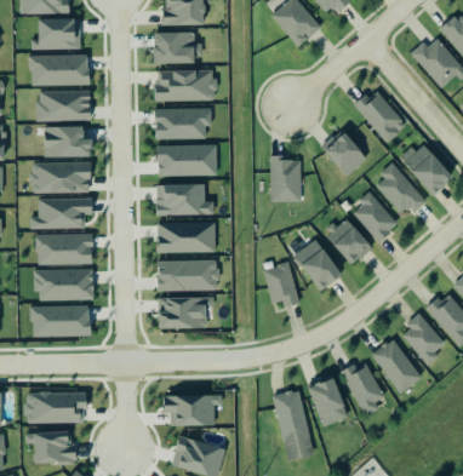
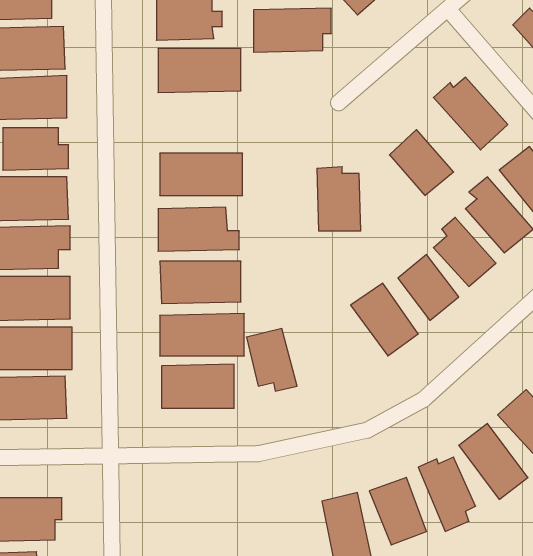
building: [155,108,211,139] -> [254,8,331,52]
building: [263,263,299,308] -> [246,329,297,391]
building: [162,395,222,426] -> none

